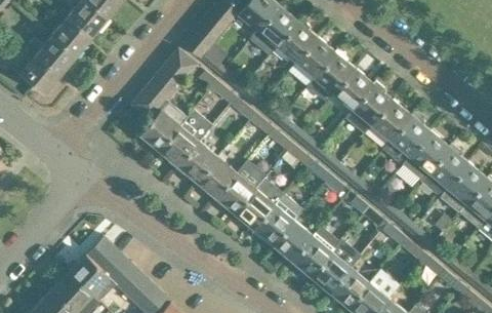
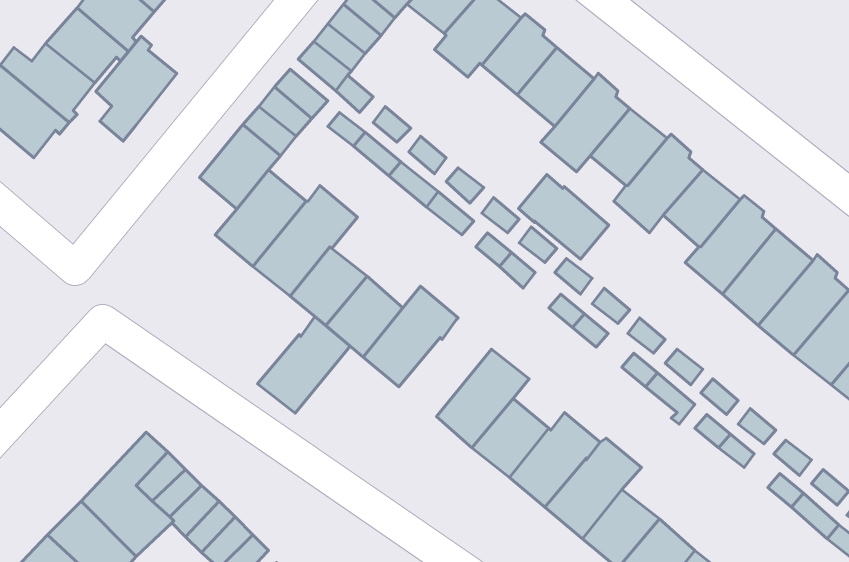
building: none -> [96,36,177,141]
building: none -> [519,175,609,259]
building: [235,179,283,229] -> [258,317,350,413]

